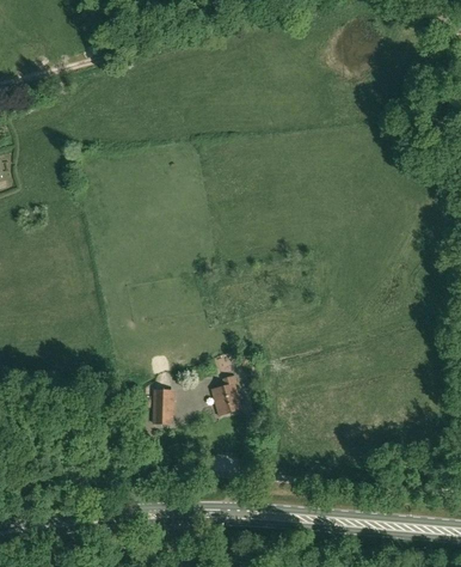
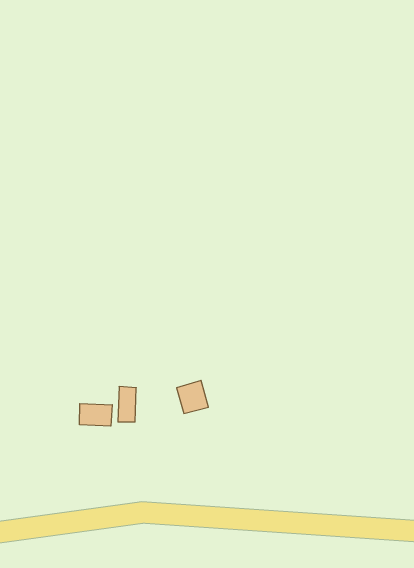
building: none -> [80,404,112,426]

